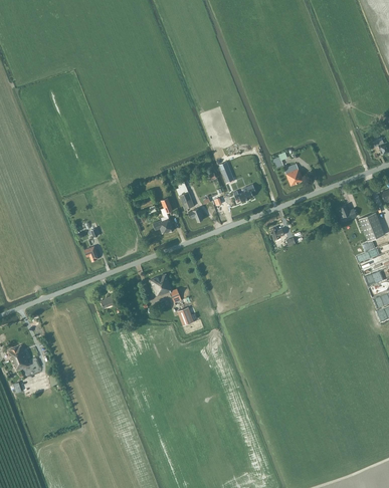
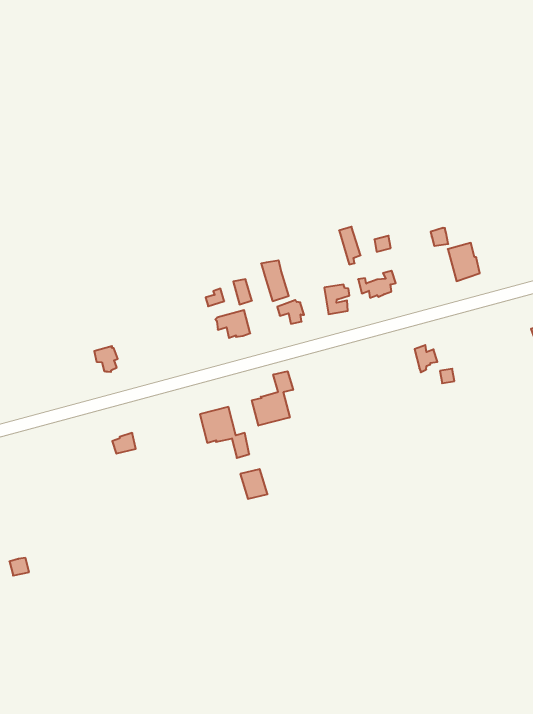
building: none -> [252,371,293,426]

